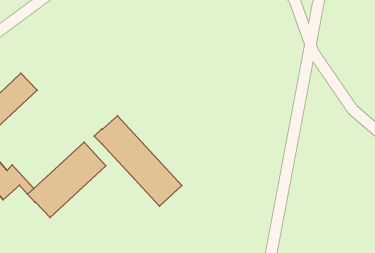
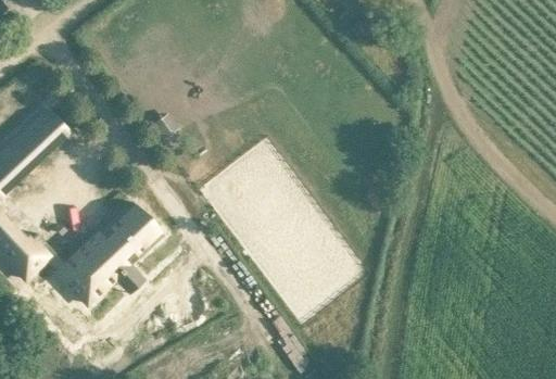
building: [94,116,182,206] -> none

